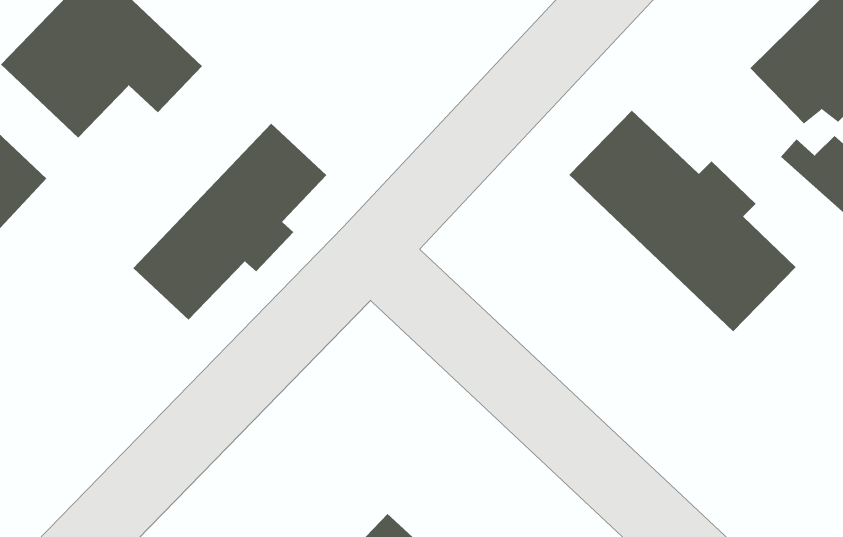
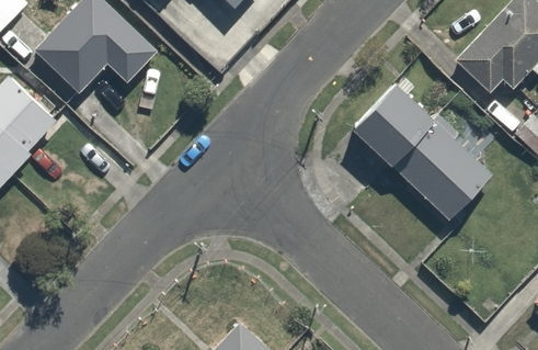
building: [133,123,327,321] -> none

